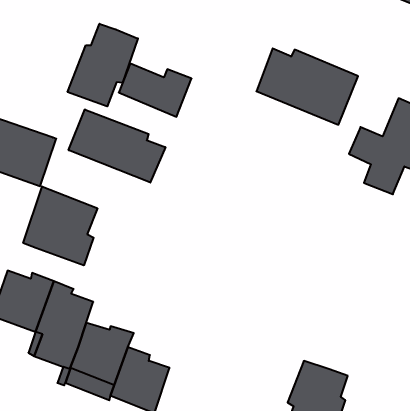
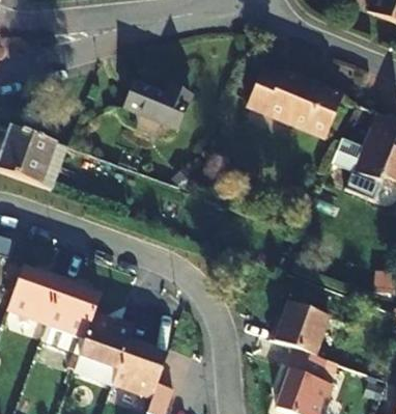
building: [68,24,138,106] -> none
building: [69,109,165,183] -> none
building: [23,186,97,265] -> none
building: none -> [267,303,327,356]

